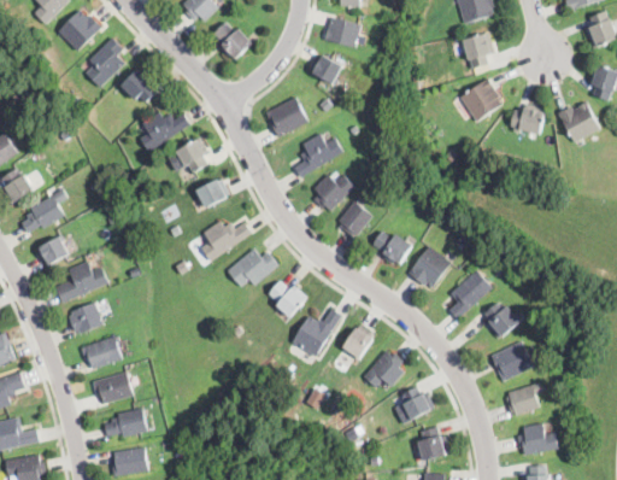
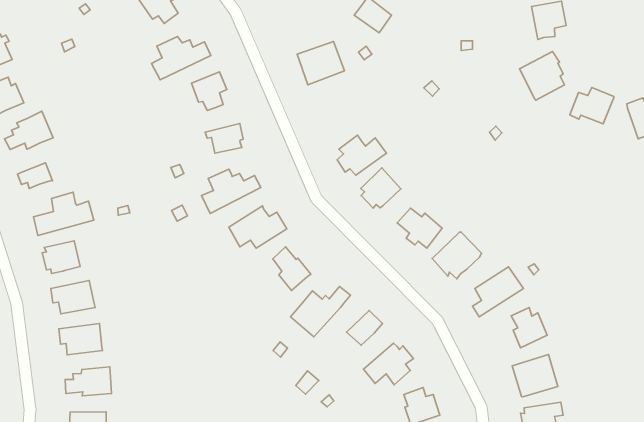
building: [294,134,342,177] -> none

